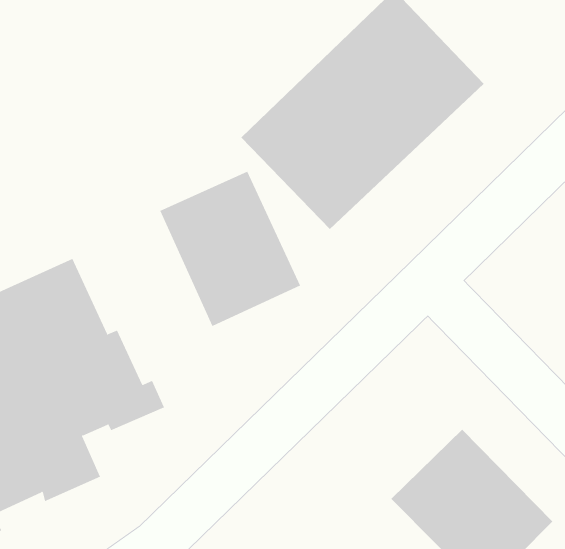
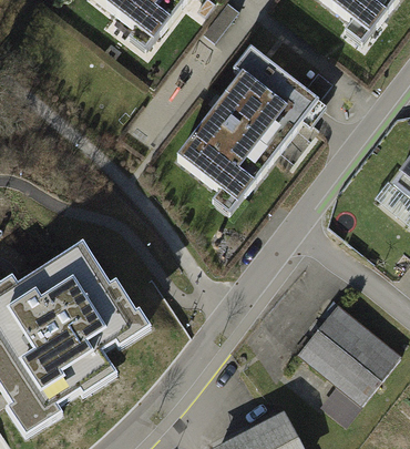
building: [159,171,301,327] -> none

